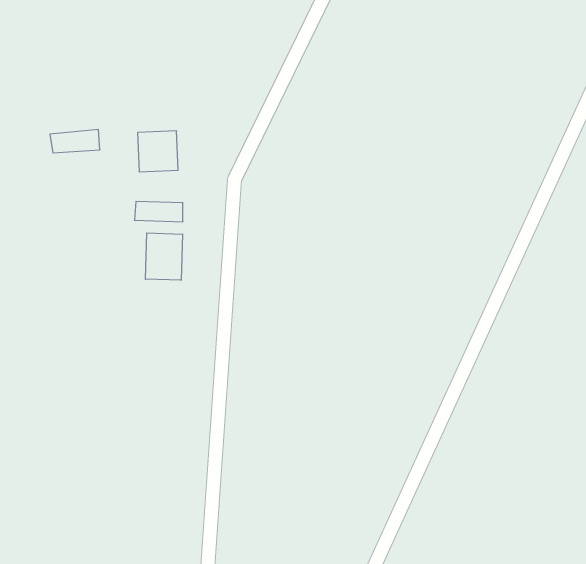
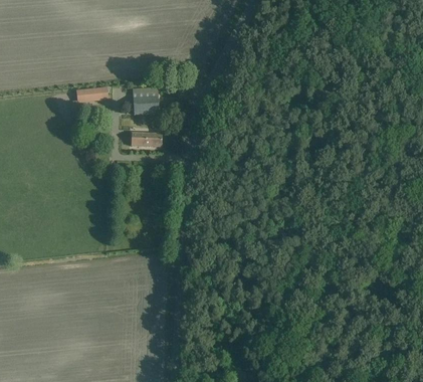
building: [145,233,183,280] -> none

